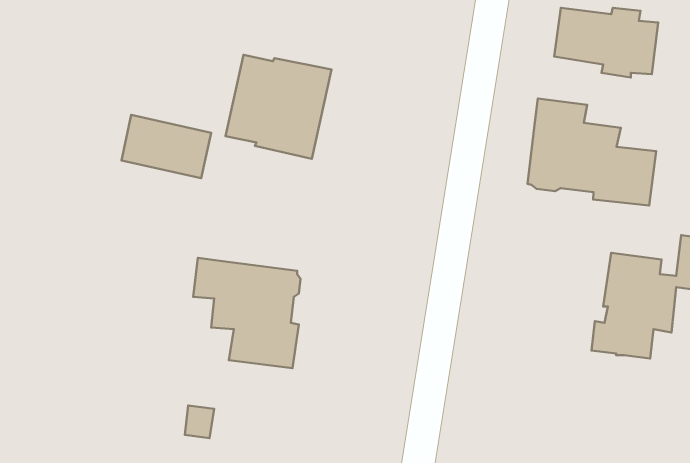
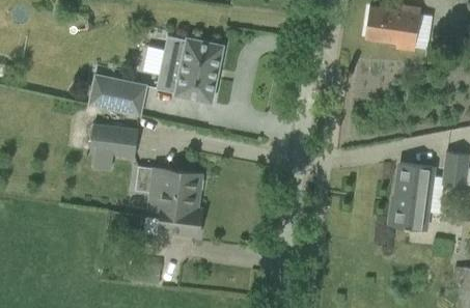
building: [527,99,656,206] -> none
building: none -> [90,124,138,157]

